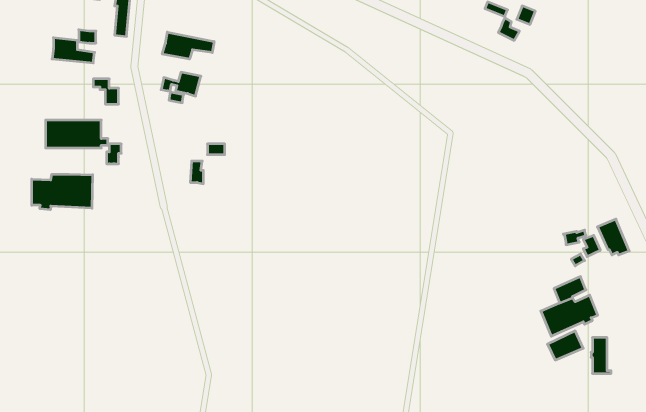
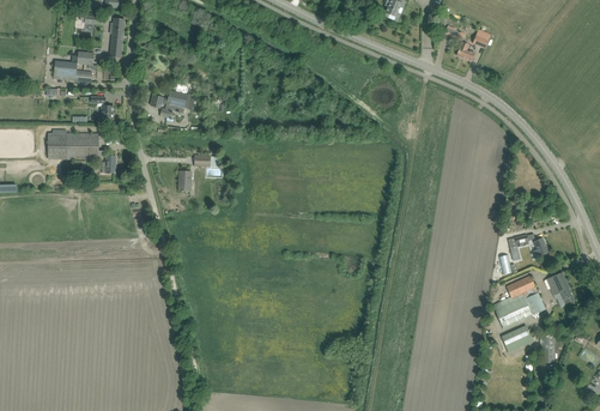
building: [162,32,214,59] -> none
building: [32,174,93,210] -> none
building: [597,219,629,255] -> [546,271,575,303]

